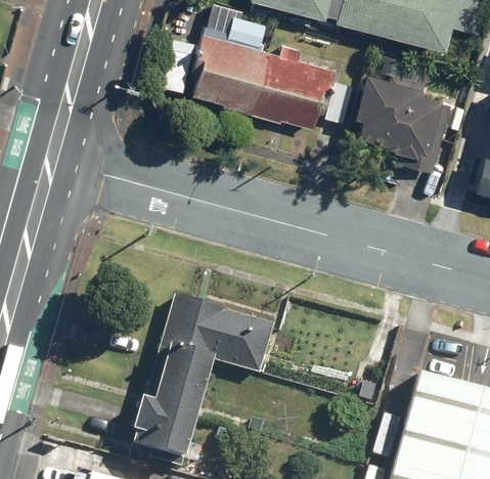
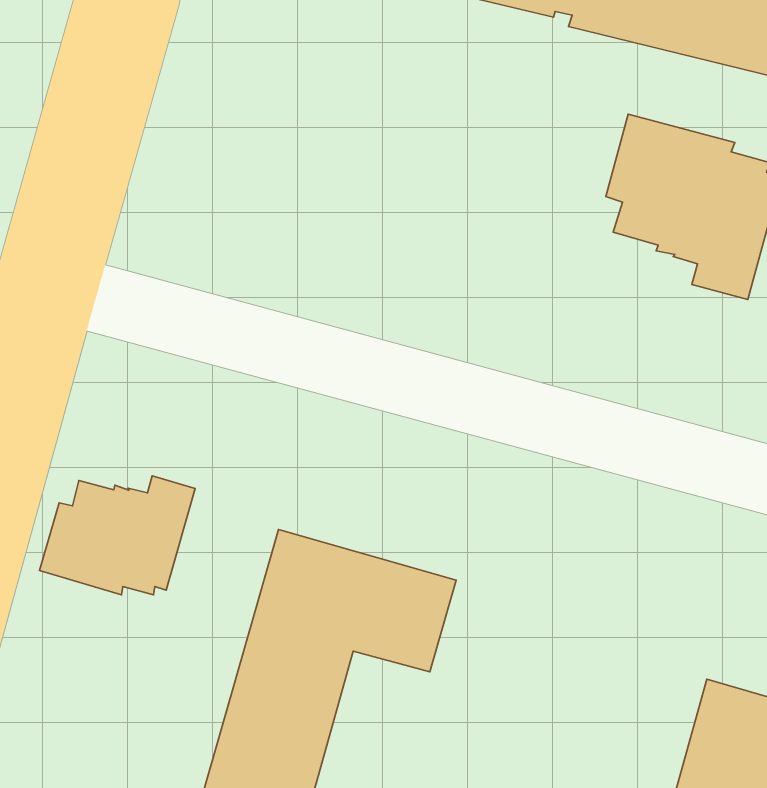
building: [186,15,337,127] -> none
building: none -> [40,476,195,595]

